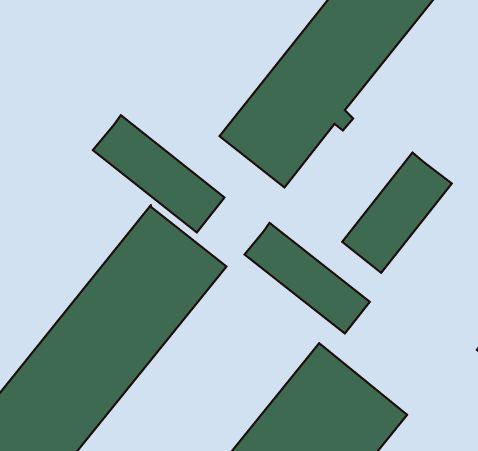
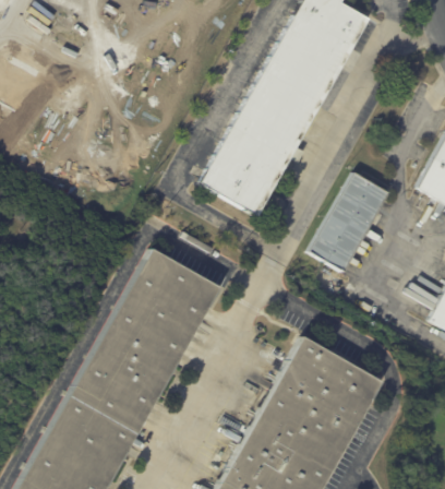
building: [93,115,225,233] -> none
building: [245,223,370,333] -> none

